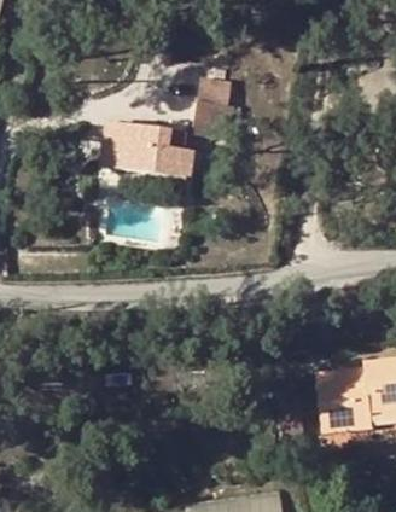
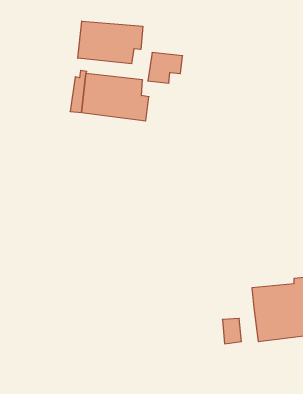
building: none -> [78,21,143,64]

